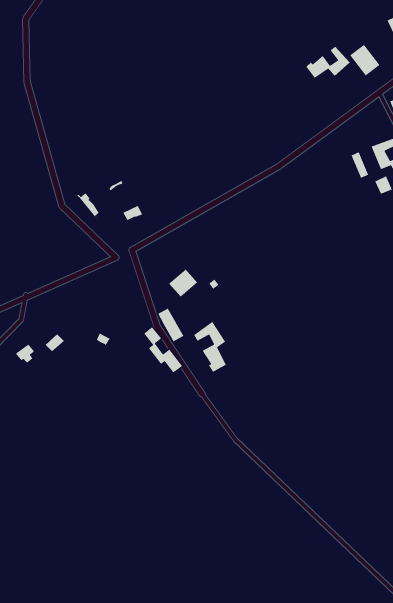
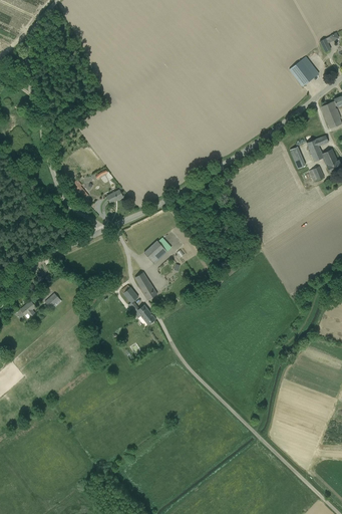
building: [305,46,351,79] -> none
building: [193,321,227,373] -> none

